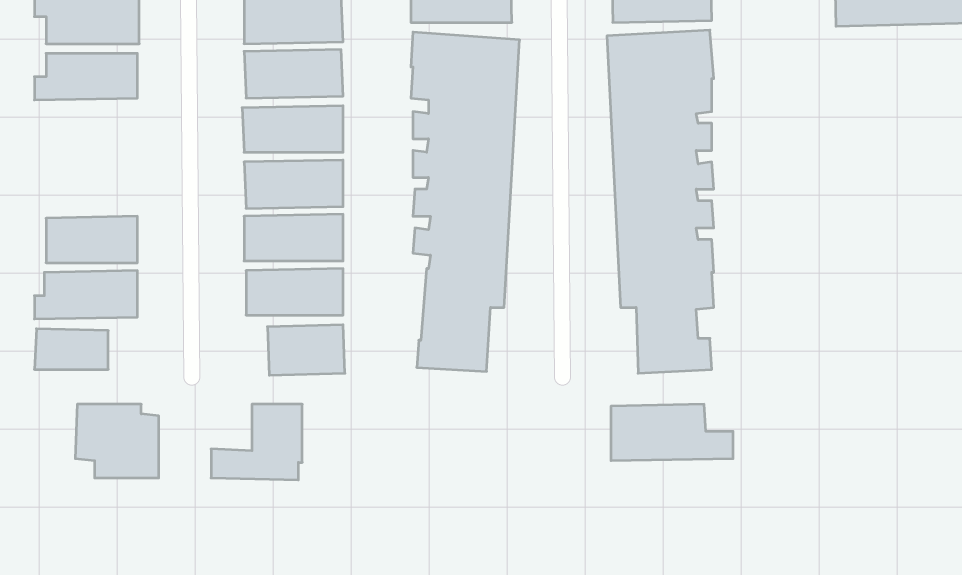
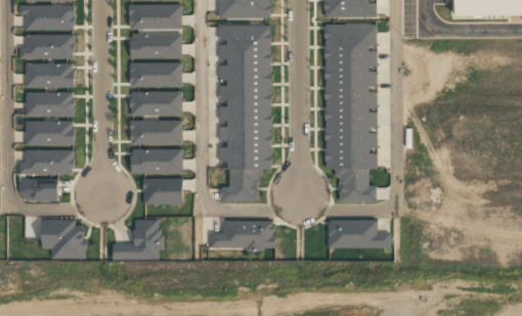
building: none -> [26,62,75,87]
building: none -> [26,91,75,116]
building: none -> [206,220,271,250]

